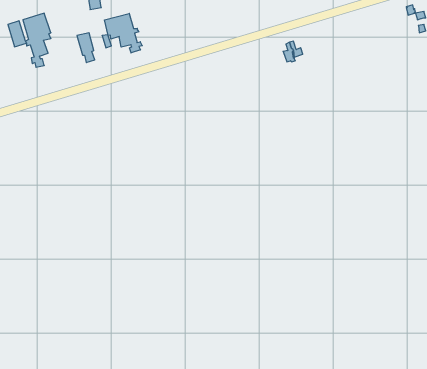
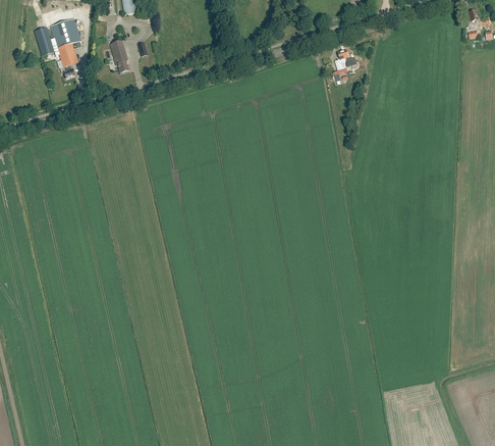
building: [105,13,142,53] -> none

